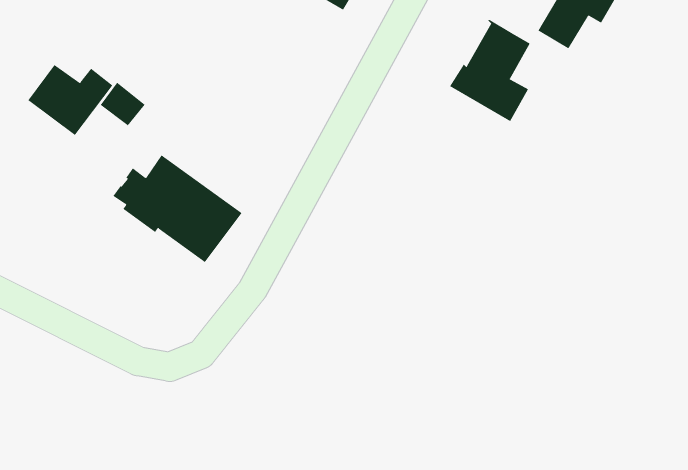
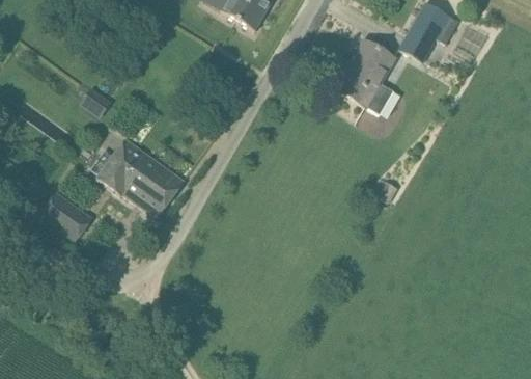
building: [27,64,113,136] -> none
building: none -> [38,191,91,241]

